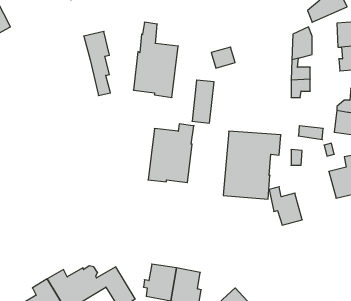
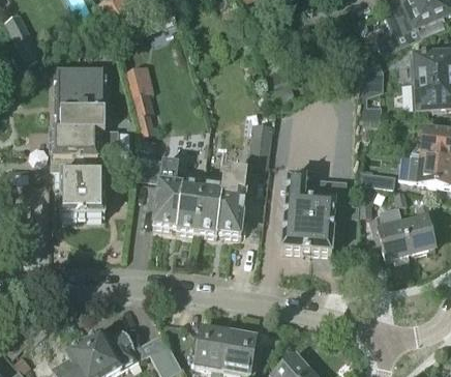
building: [133,22,178,97] -> [153,147,204,232]
building: none -> [53,67,117,215]
building: [269,187,302,225] -> [371,215,409,259]

